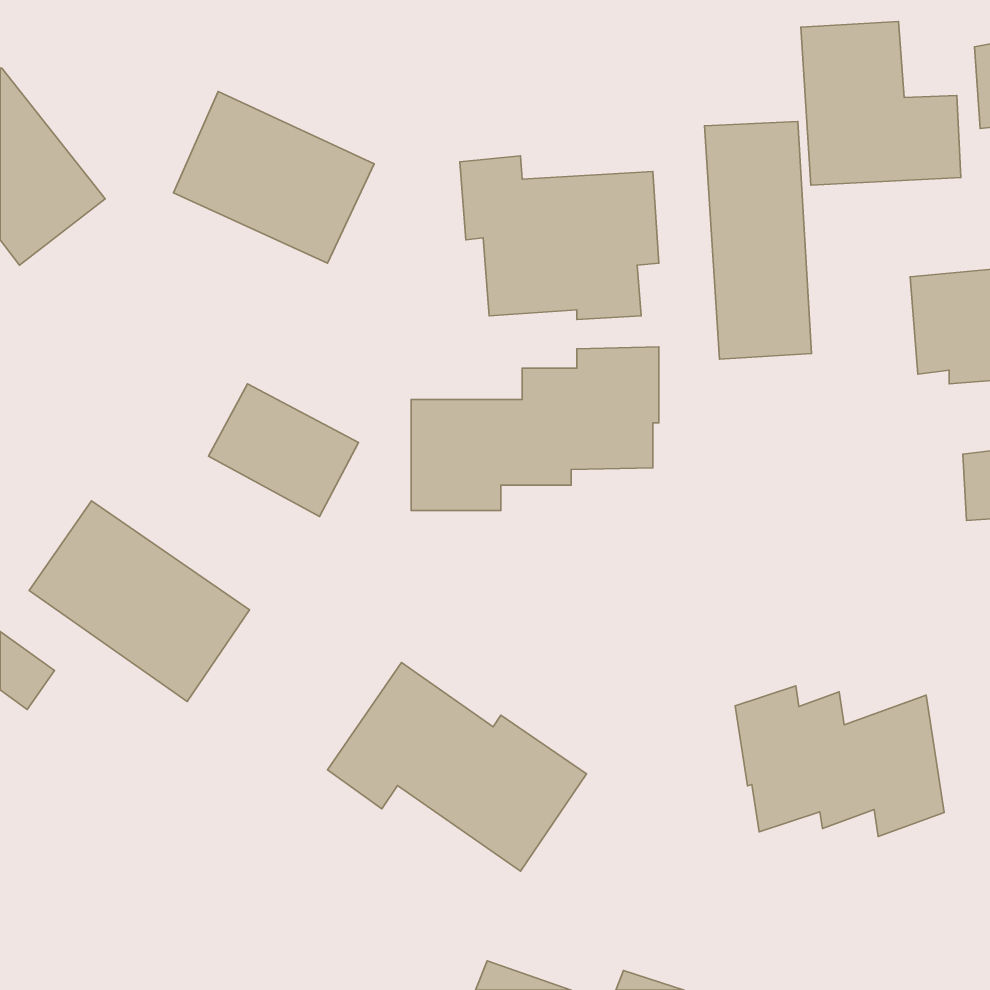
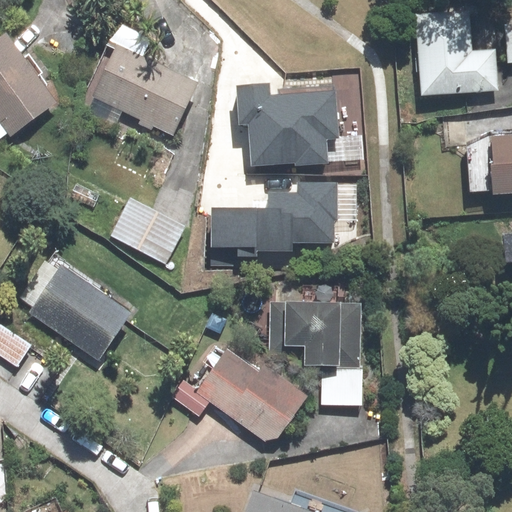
building: [705,121,811,359] -> none
building: none -> [268,284,361,405]
building: [735,686,944,836] -> none

